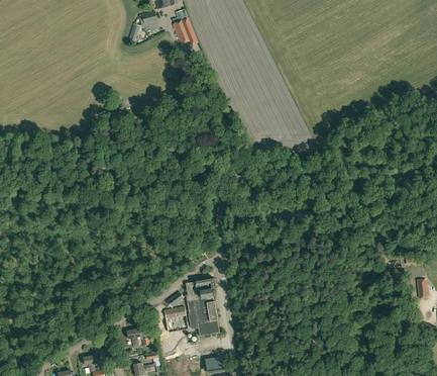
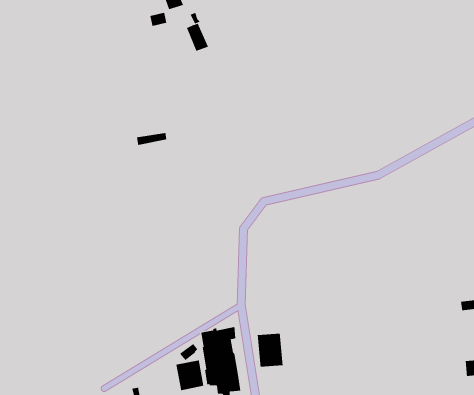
building: none -> [257,333,283,367]

